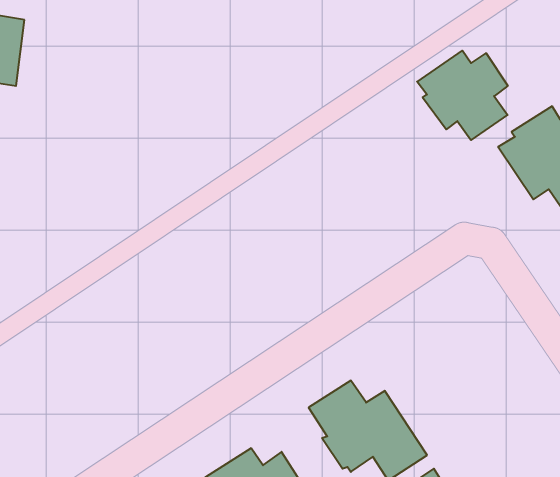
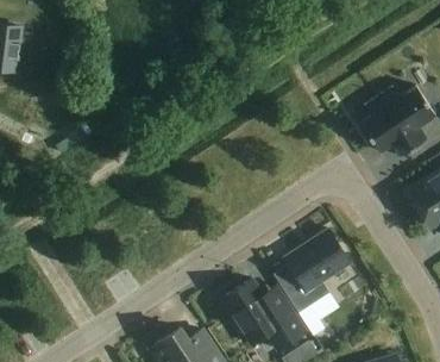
building: [417,51,508,140] -> none
building: none -> [278,229,351,312]

